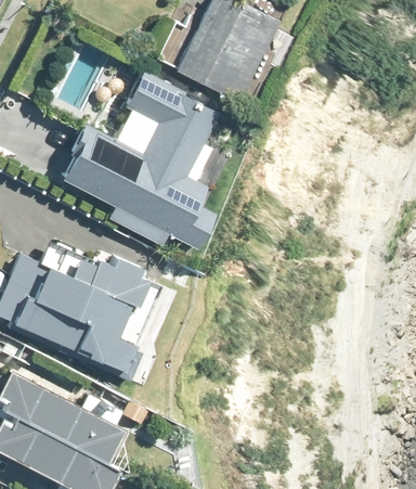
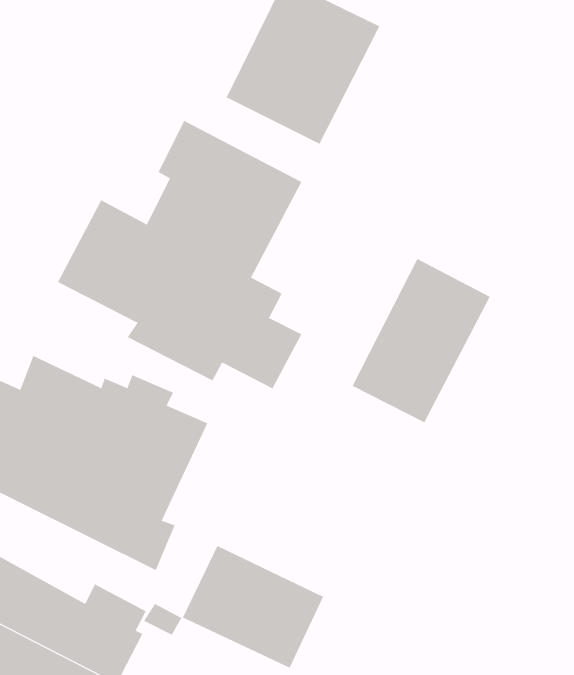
building: none -> [352,258,490,423]
building: none -> [182,545,324,668]

